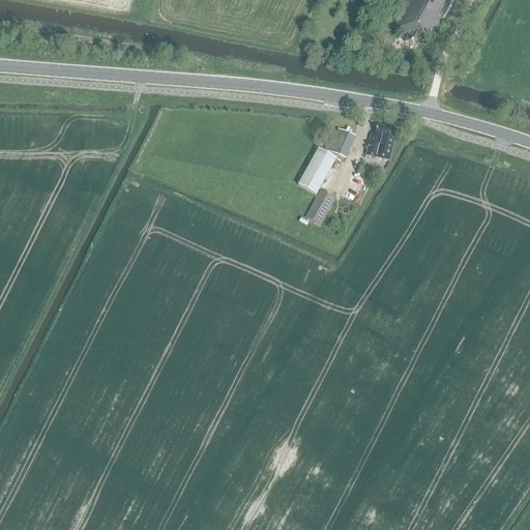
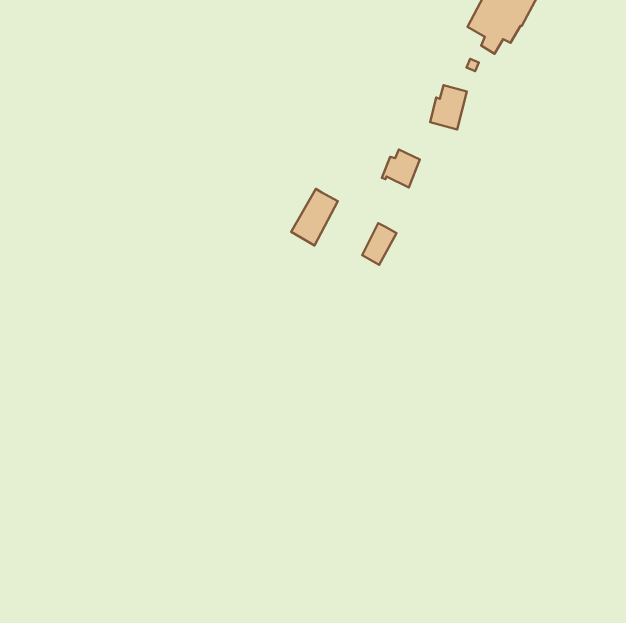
building: [365,122,396,159] -> [430,85,467,129]
building: [296,147,335,195] -> [291,189,338,245]

